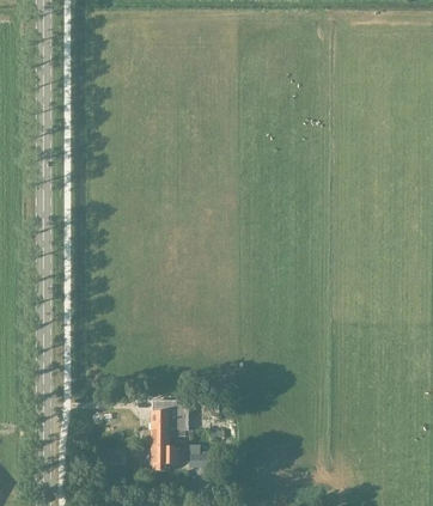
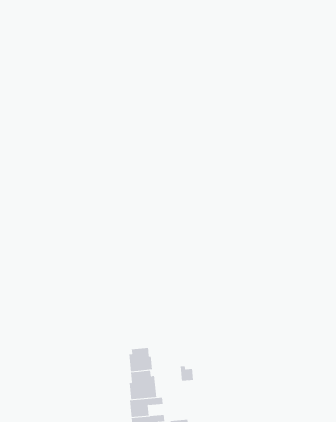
building: none -> [129,347,153,372]

